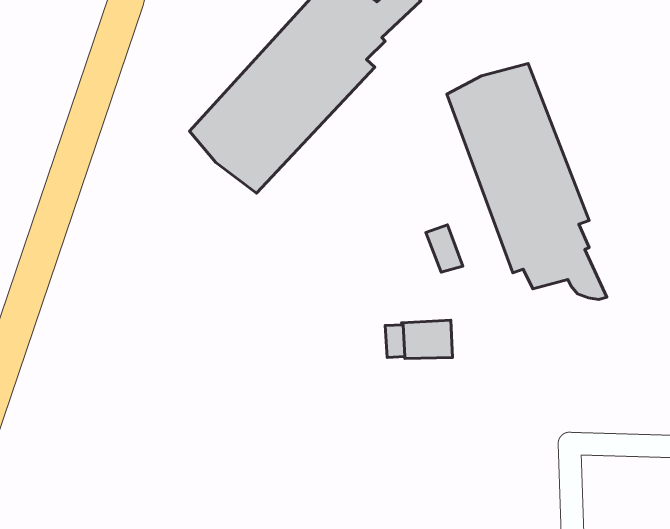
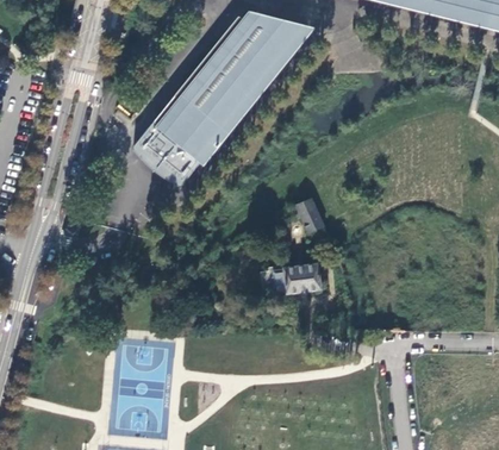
building: [447,64,607,300] -> none

